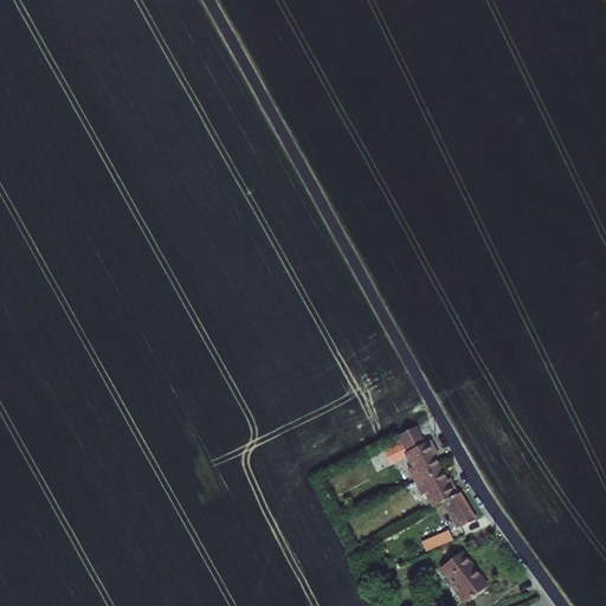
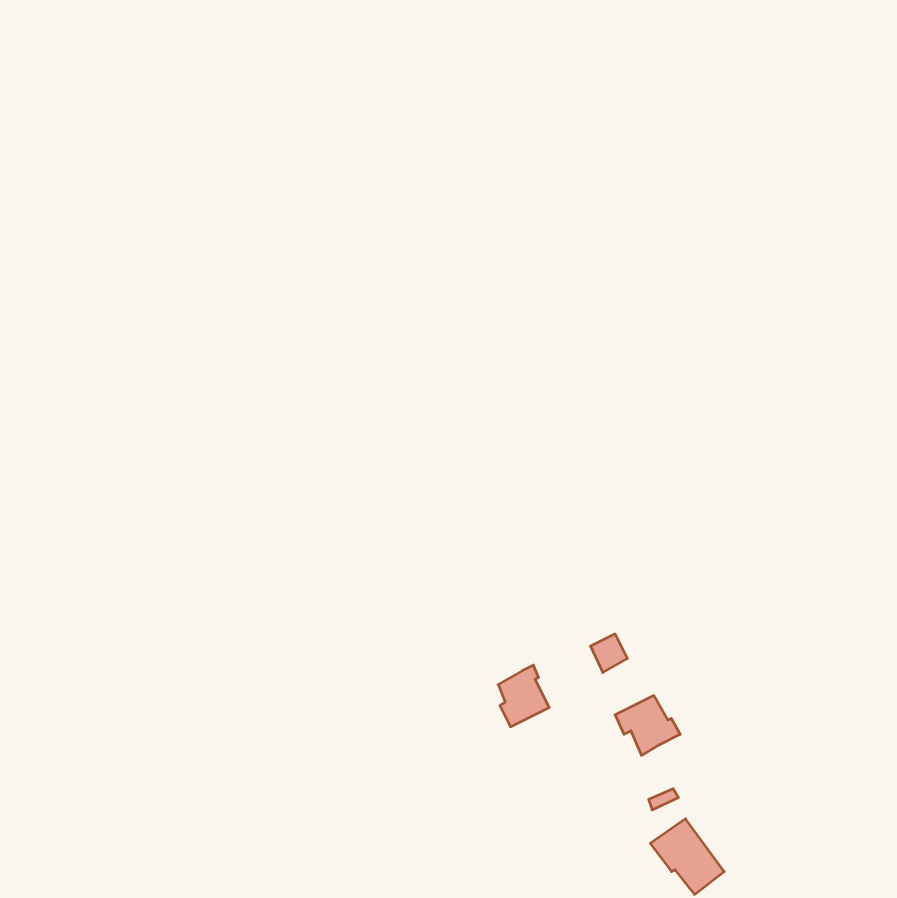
building: [405,439,439,481] -> [498,665,549,727]
building: [443,492,473,527] -> none

